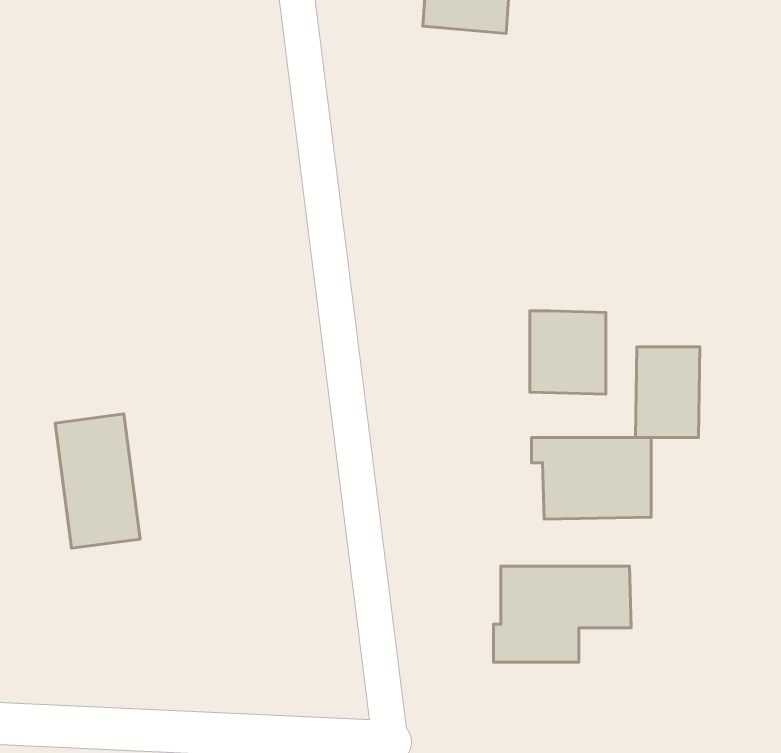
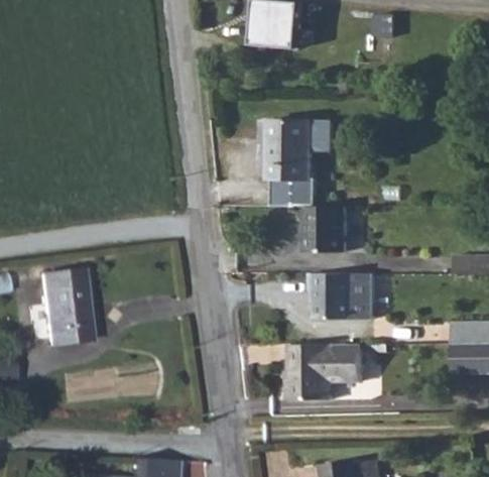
building: none -> [269,119,317,206]
building: [636,347,700,438] -> none

